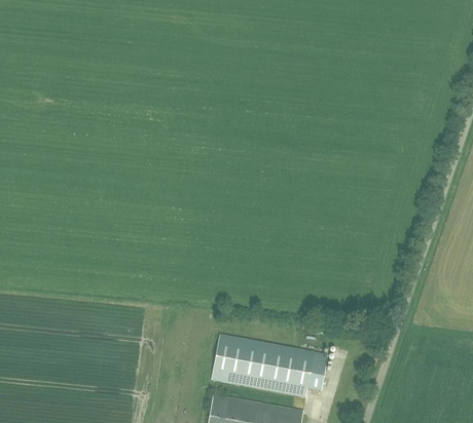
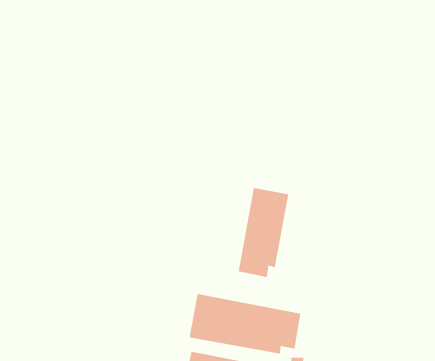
building: none -> [238,187,289,278]

